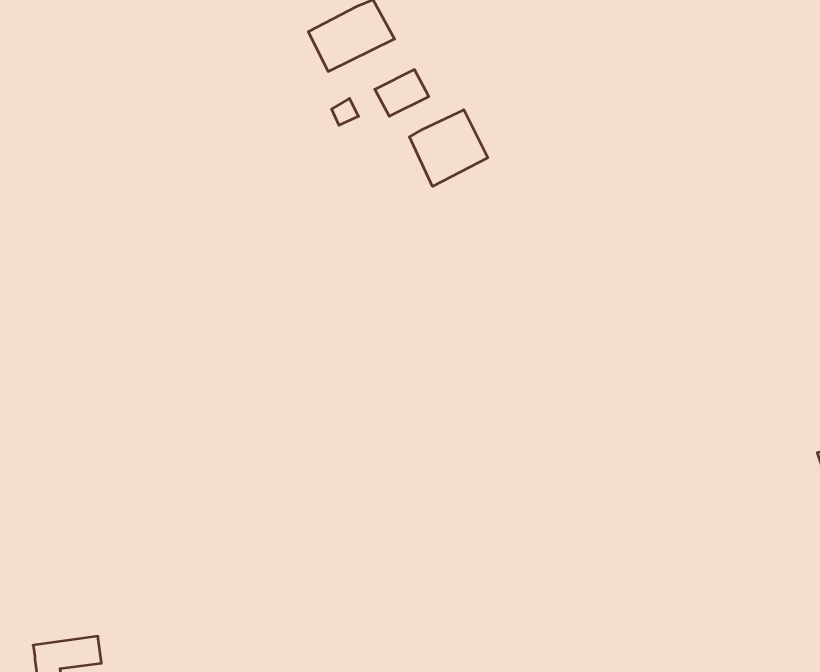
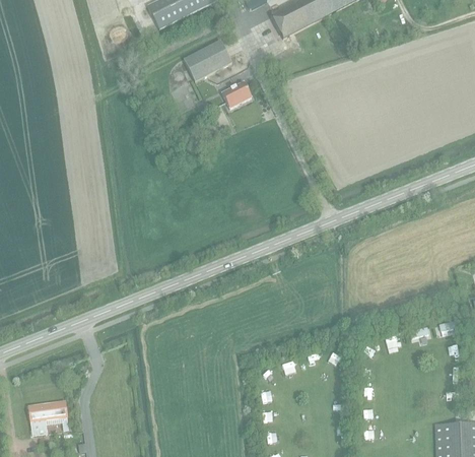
building: [409,110,488,186] -> none

